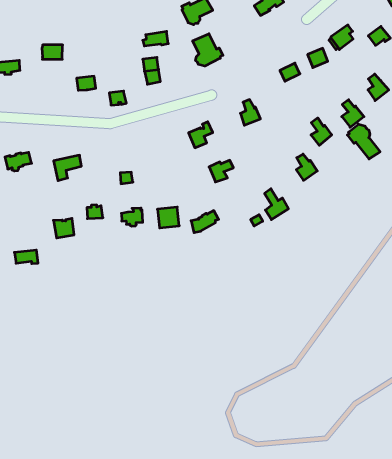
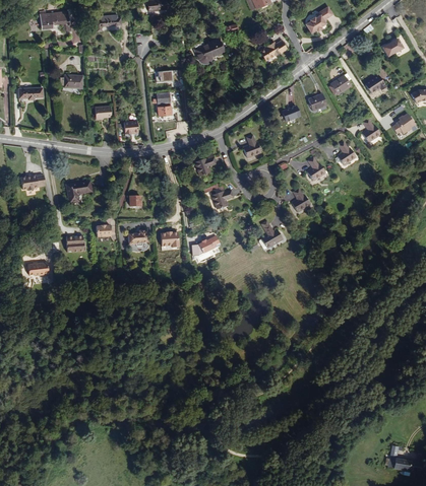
building: [193,34,223,66] -> none
building: [347,124,380,159] -> none

